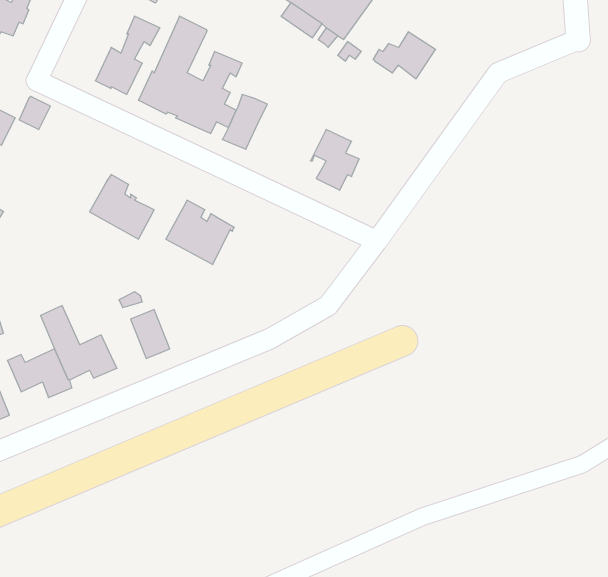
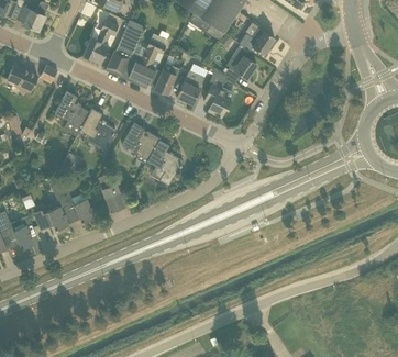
building: none -> [231,45,256,79]
building: none -> [176,71,203,104]
building: none -> [54,91,89,136]
building: none -> [147,140,183,186]

